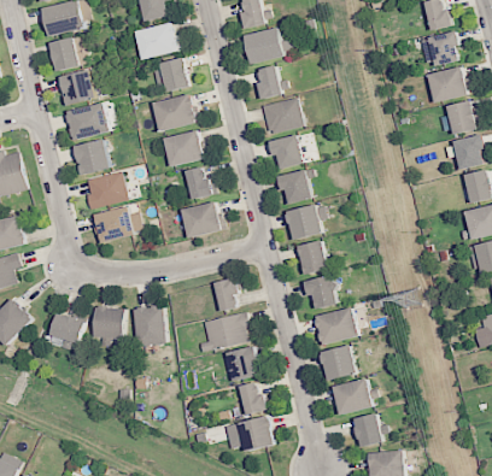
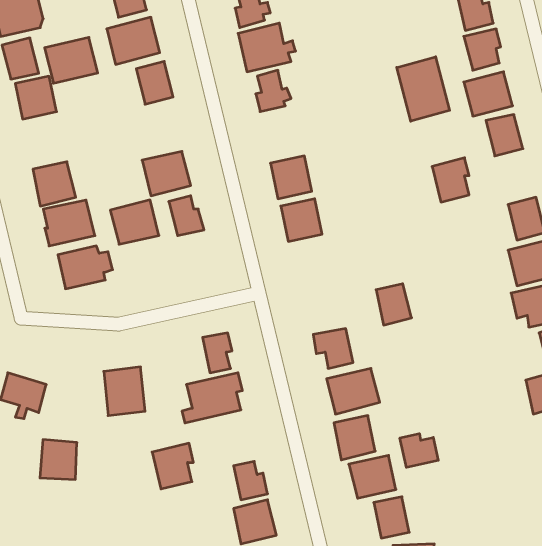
building: none -> [397,57,450,121]
building: [153,93,195,131] -> none
building: [259,96,301,134] -> none
building: [66,102,110,140] -> [45,37,98,83]
building: [452,134,482,170] -> [432,158,469,202]
building: [182,200,222,236] -> [110,200,159,244]
building: [283,202,322,239] -> none
building: [299,240,328,274] -> [376,284,412,325]
building: [94,306,124,339] -> [40,440,77,479]
building: [223,345,257,382] -> [152,443,193,489]
building: none -> [400,434,438,467]

